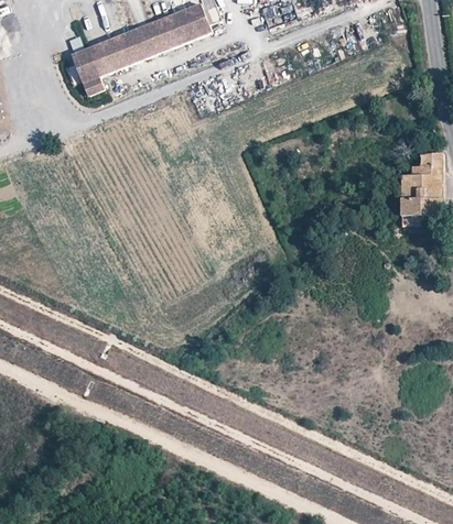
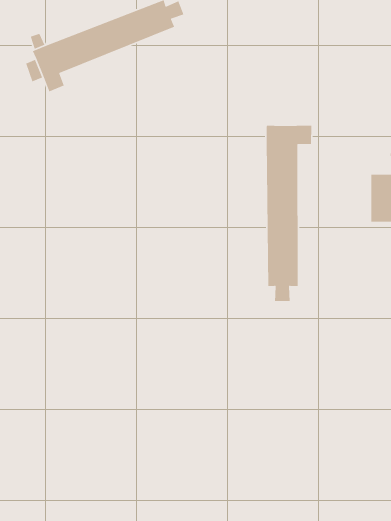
building: none -> [266,125,312,302]

